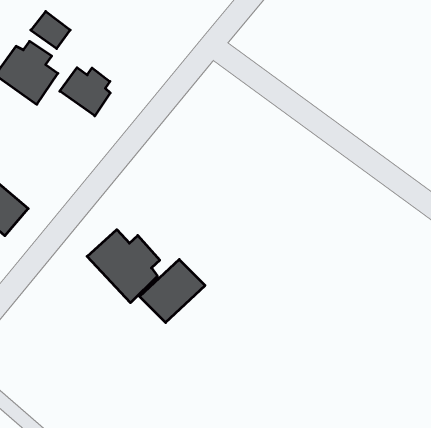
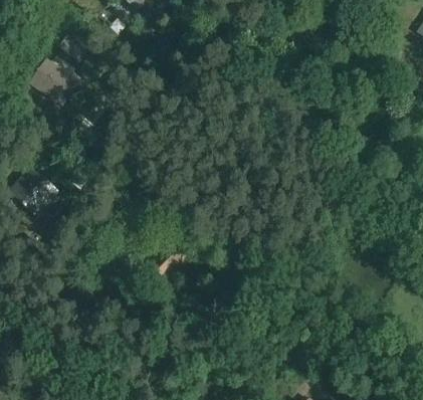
building: [60,68,110,116] -> none
building: [87,230,160,303] -> none

